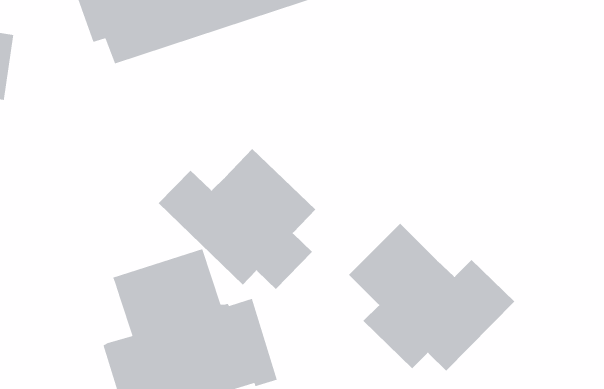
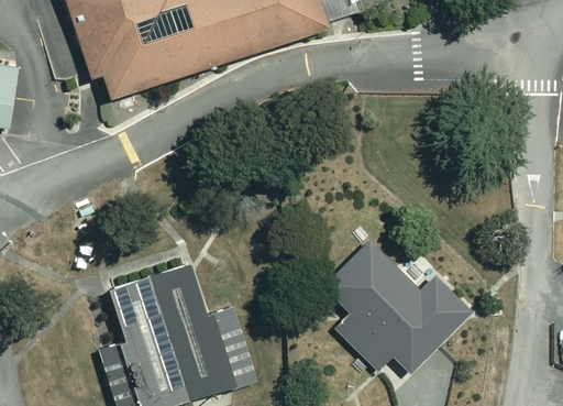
building: [158,148,316,290] -> none

